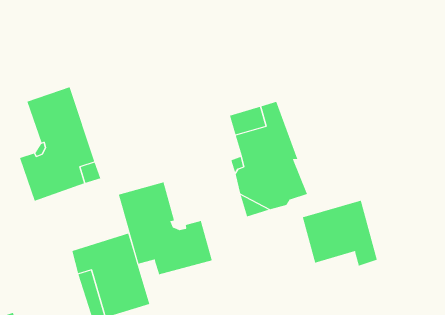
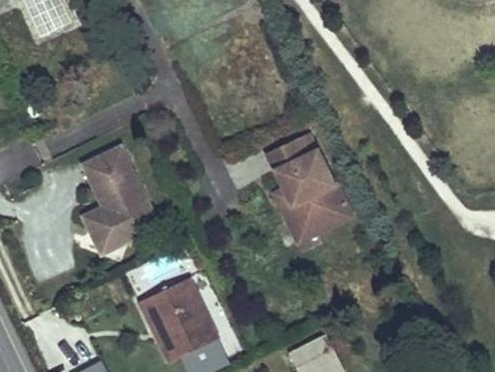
building: [118,182,213,275] -> none
building: [302,200,377,267] -> none

